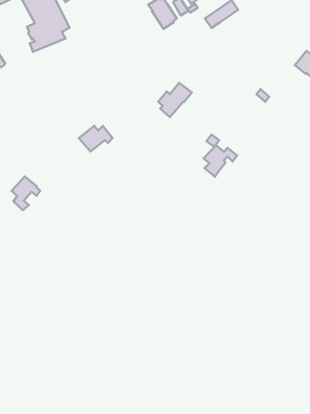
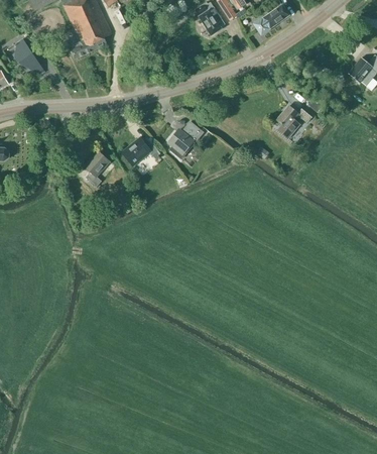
building: [158,83,192,117] -> [167,121,203,157]
building: [204,145,237,177] -> [276,105,311,138]
building: [11,177,40,210] -> [84,150,114,186]

